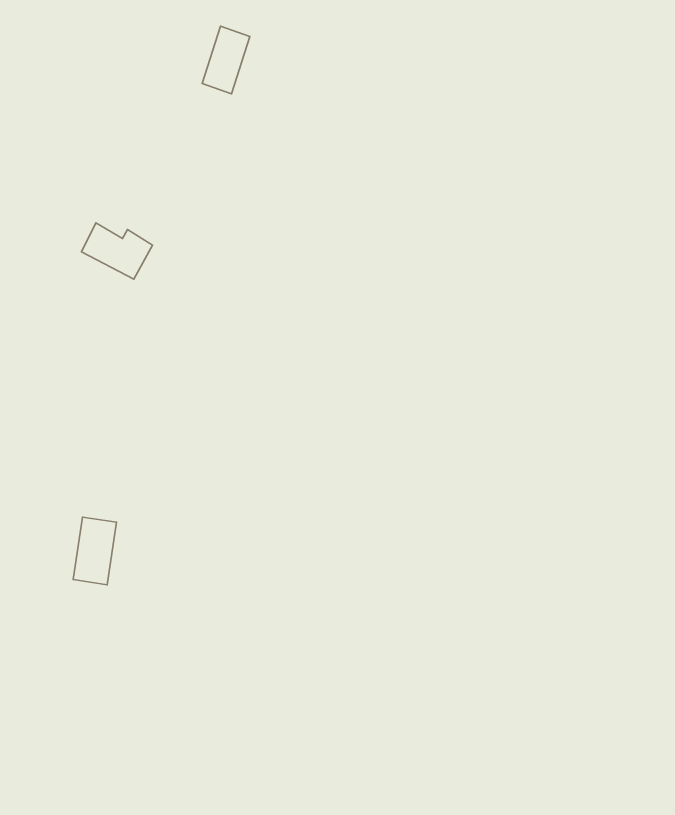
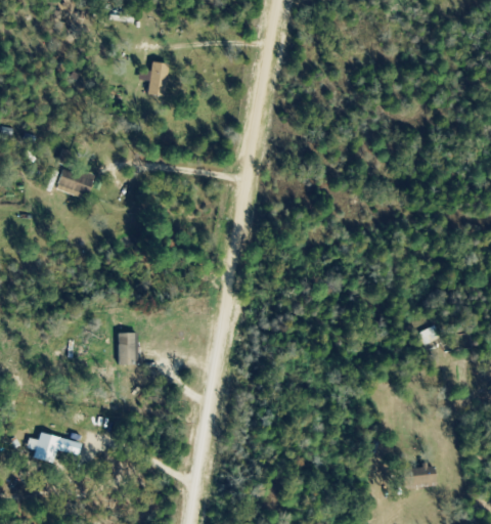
building: [82,223,152,279] -> [58,168,95,194]

